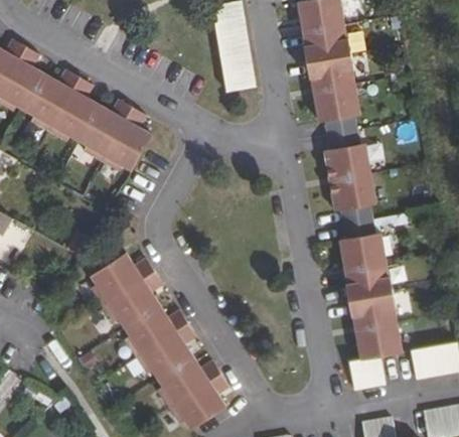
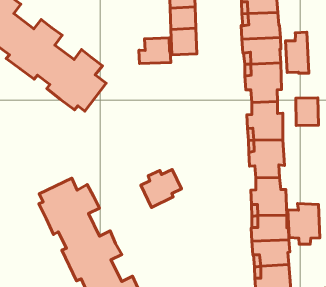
building: none -> [286,32,309,73]
building: none -> [139,38,171,64]
building: none -> [296,98,318,126]
building: none -> [141,170,182,208]
building: none -> [288,204,320,244]

